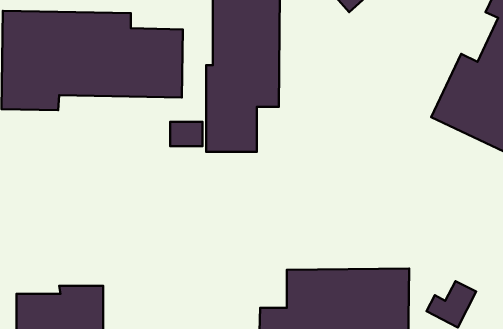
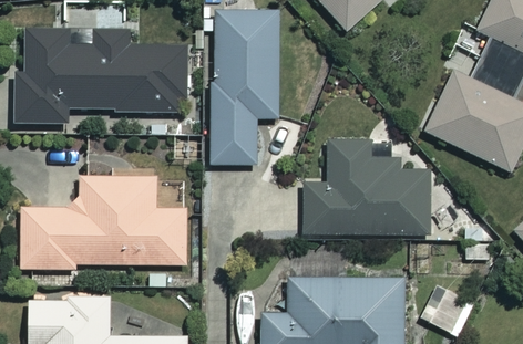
building: none -> [302,139,429,232]
building: none -> [22,176,187,271]

